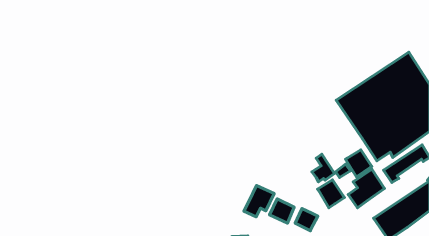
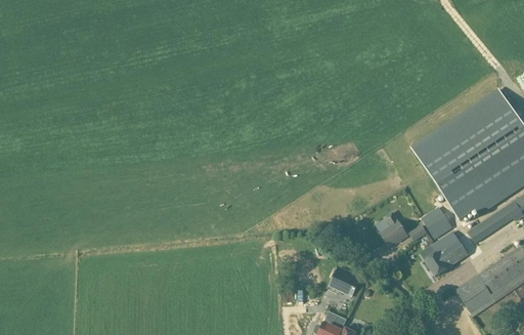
building: [317,180,345,208] -> none
building: [244,186,274,217] -> none
building: [295,209,318,231] -> none

